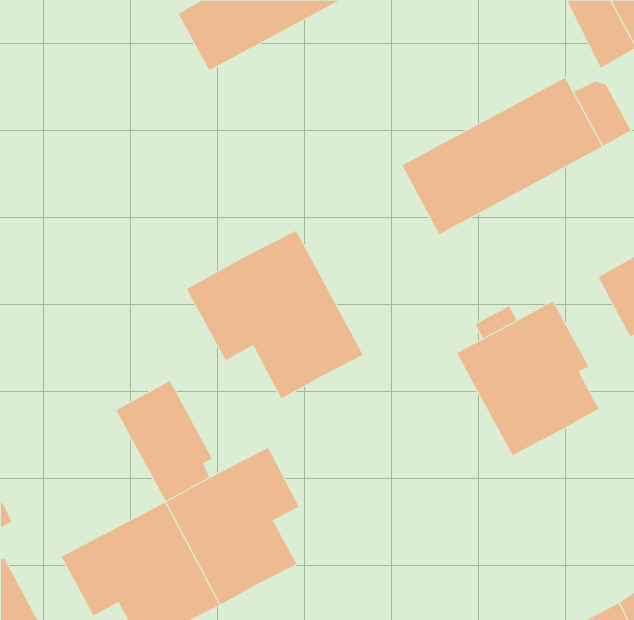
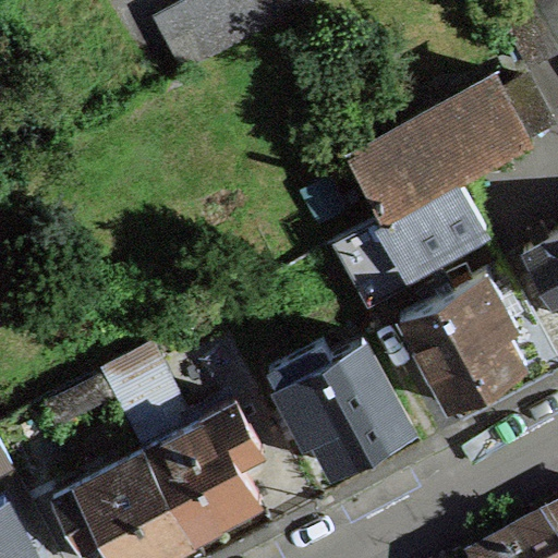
building: none -> [335,180,486,299]
building: [186,230,364,399] -> none
building: none -> [269,342,412,474]

